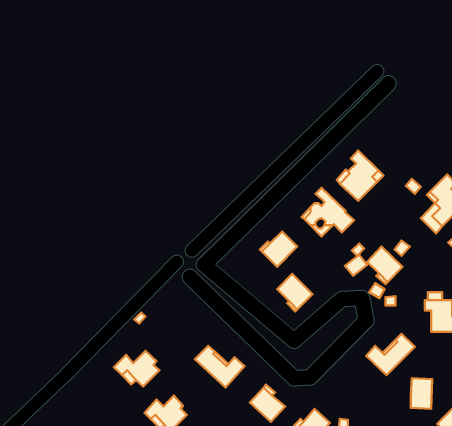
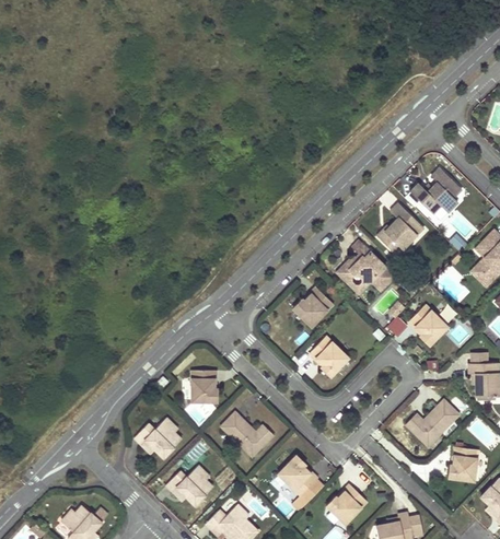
building: none -> [408,169,462,214]
building: none -> [188,372,211,403]

